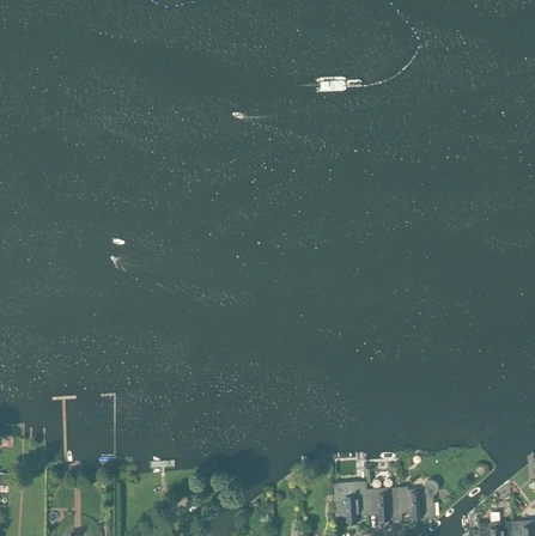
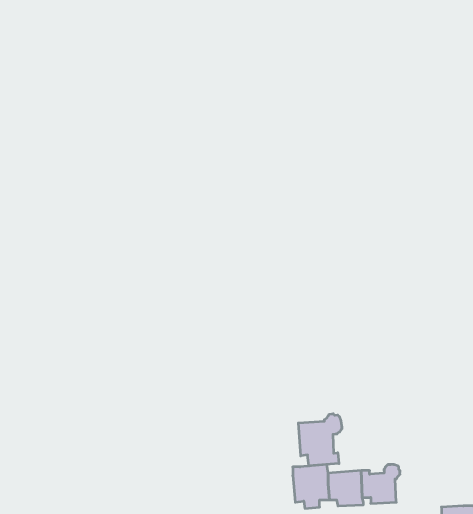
building: none -> [298,414,342,466]

